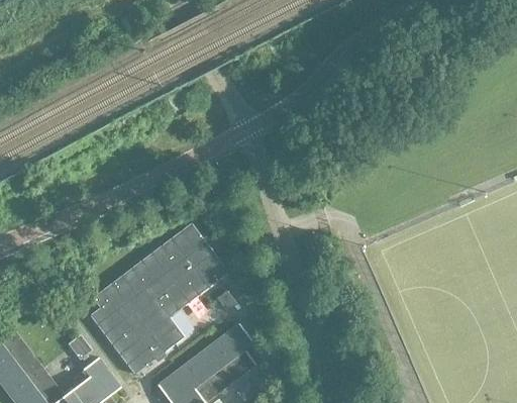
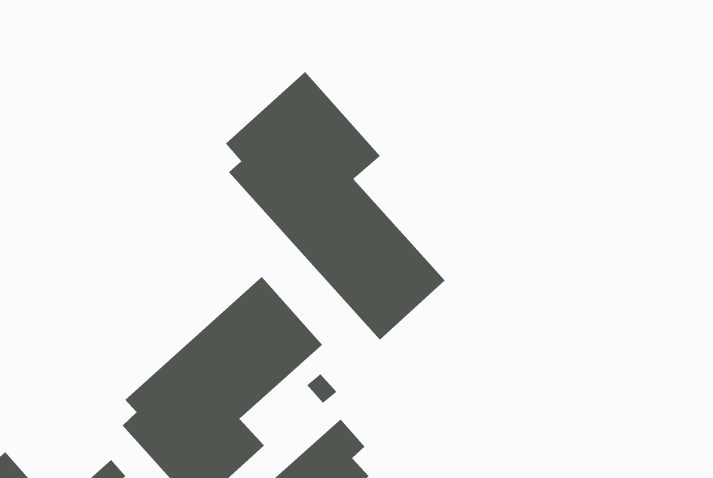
building: none -> [225,71,446,341]

